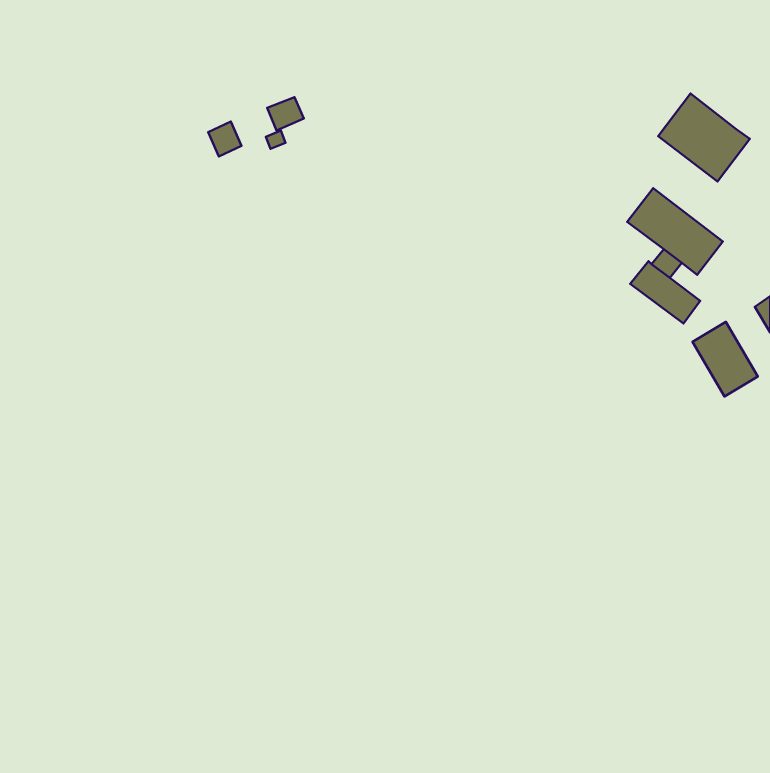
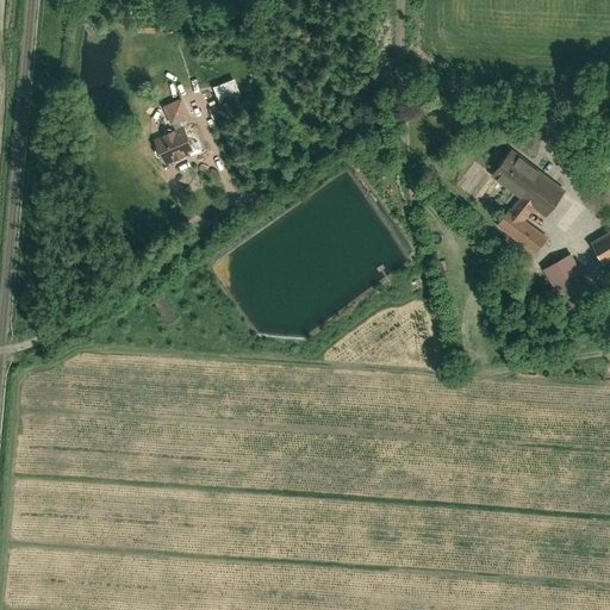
building: [658,93,750,181] -> none
building: none -> [154,129,194,166]

